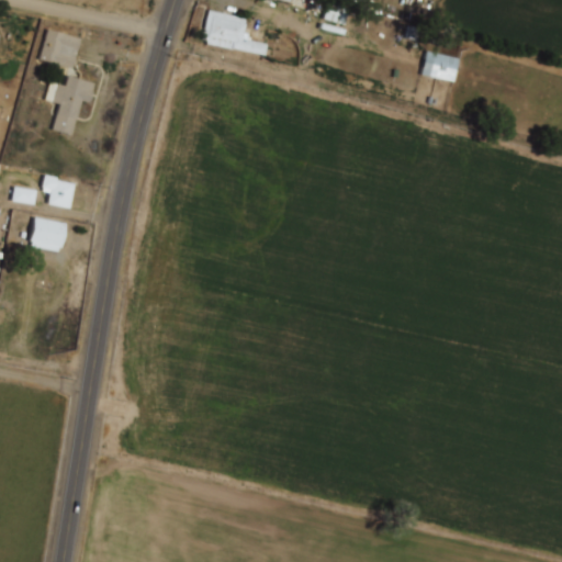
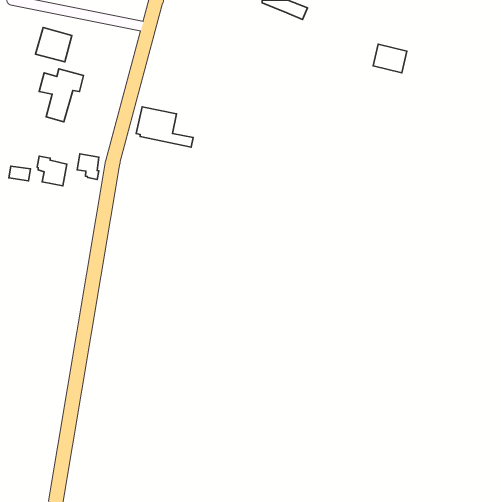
building: [203,11,267,56] -> [136,107,193,147]
building: none -> [77,154,99,179]
building: [31,217,67,247] -> none

